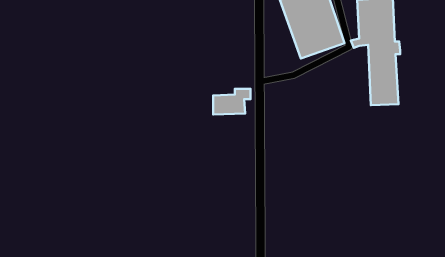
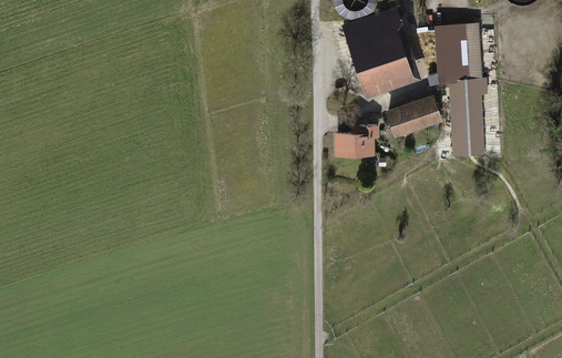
building: none -> [384,94,441,137]
building: [213,89,250,115] -> [334,125,379,156]

